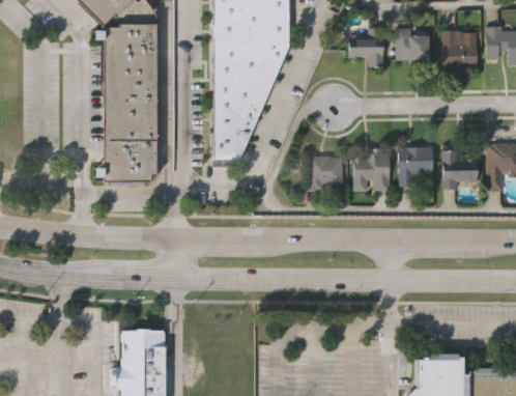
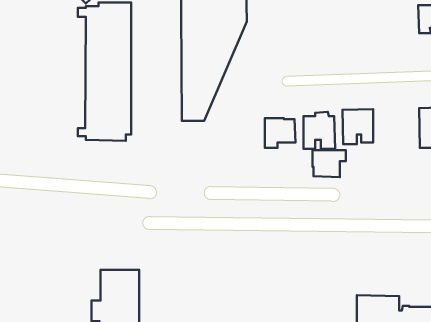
building: [350,27,386,65] -> none
building: [392,27,431,65] -> none
building: [440,30,476,69] -> none
building: [442,149,477,189] -> none
building: none -> [312,150,346,177]

